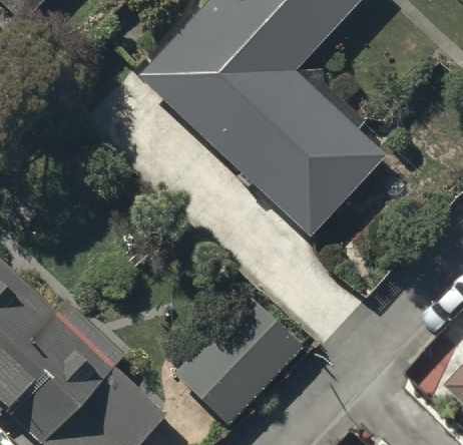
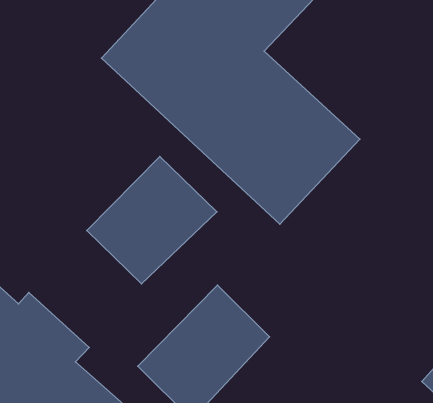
building: none -> [87,157,217,284]

